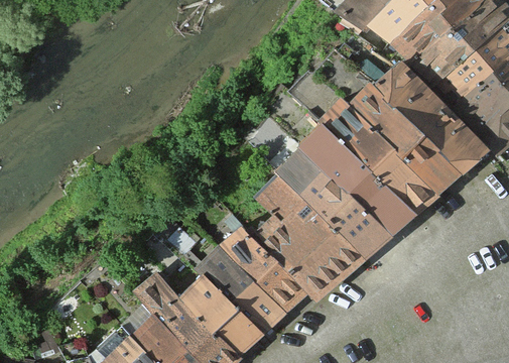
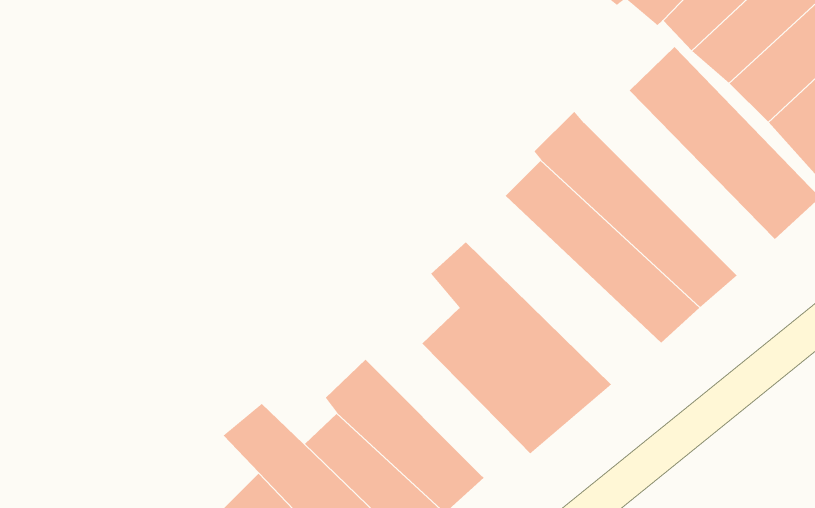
building: [348,83,461,196] -> none
building: [274,148,393,260] -> none
building: [218,226,308,314] -> none

